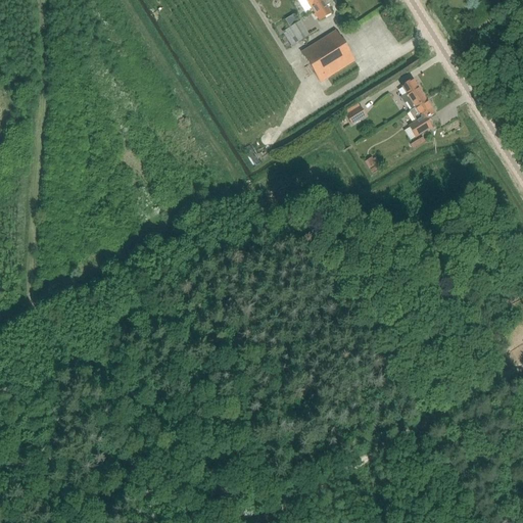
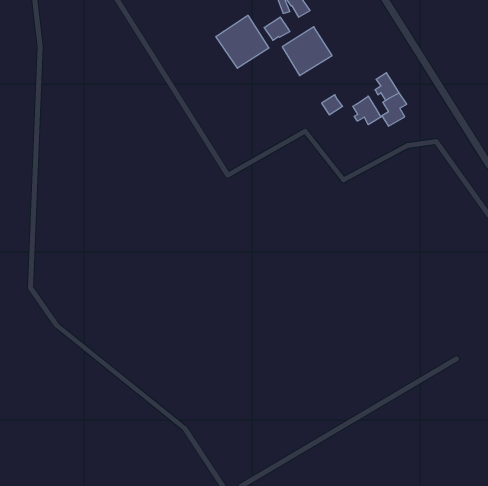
building: none -> [216,15,269,68]
building: none -> [353,96,381,125]

